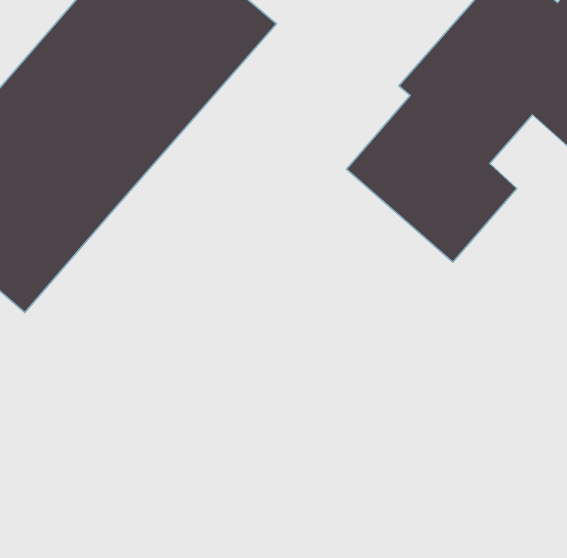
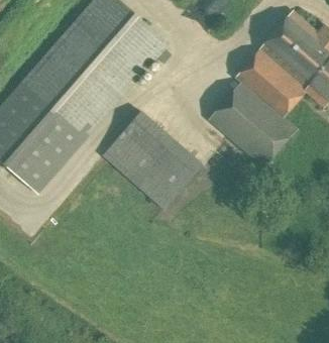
building: none -> [102,109,204,210]

